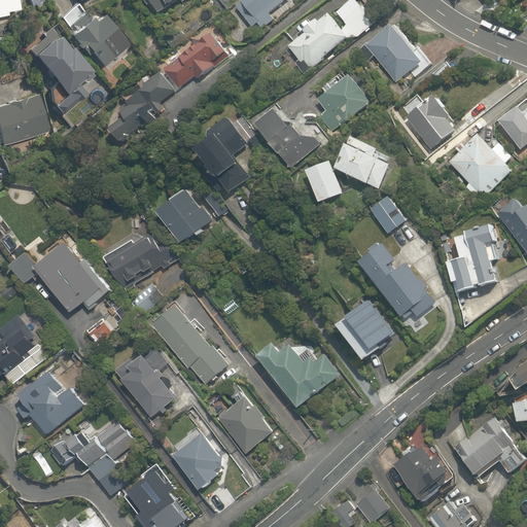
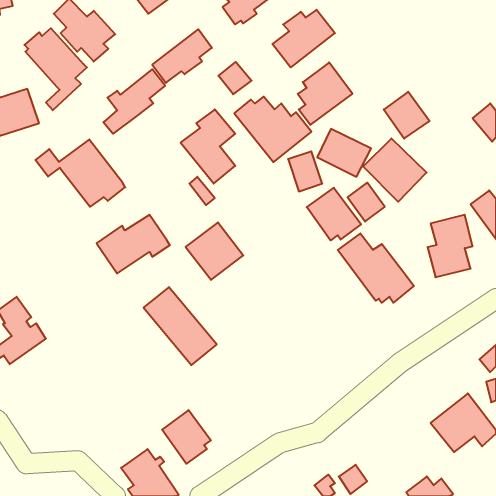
building: [359,24,418,79] -> none
building: none -> [218,62,252,94]
building: [444,130,511,197] -> [363,138,427,202]
building: [154,185,215,246] -> [186,222,243,280]
building: none -> [307,188,361,240]
building: [10,243,105,314] -> [35,139,125,207]
building: [332,297,396,364] -> none
building: [257,338,341,409] -> none
building: [116,356,177,419] -> none
building: [16,373,83,433] -> none
building: [219,398,271,452] -> none
building: [49,418,135,490] -> none
building: [391,442,452,503] -> none

